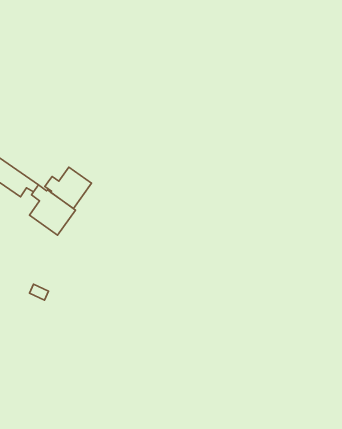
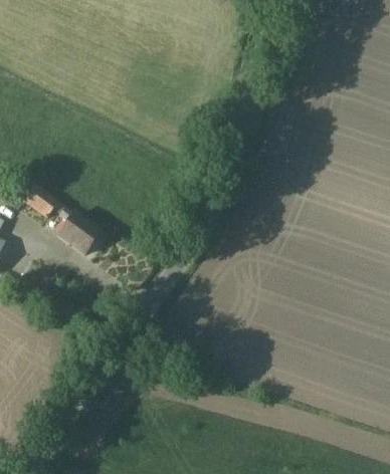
building: [45,167,92,209] -> none

